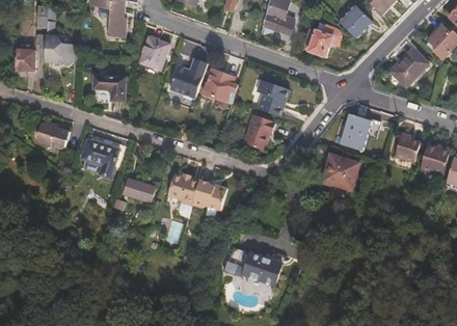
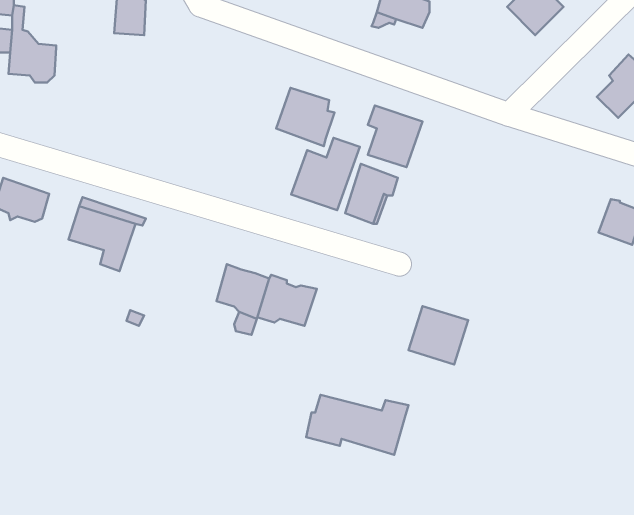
building: [301,24,341,56] -> none
building: [138,36,169,70] -> none
building: [167,57,208,100] -> [291,138,360,210]
building: [93,76,125,101] -> none
building: [342,114,370,150] -> none
building: [322,154,357,188] -> [408,306,468,364]
building: [123,179,155,202] -> none

